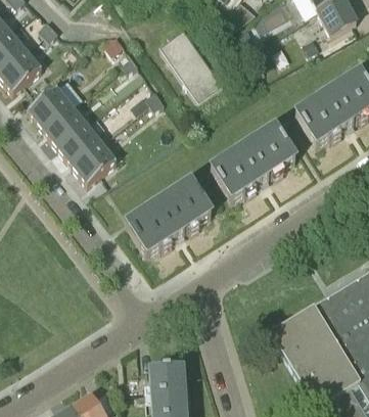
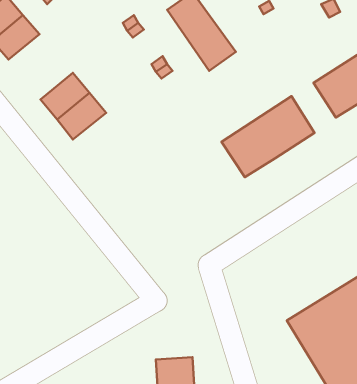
building: [29,85,73,127] -> none
building: [73,139,119,182] -> none
building: [125,178,212,253] -> none

